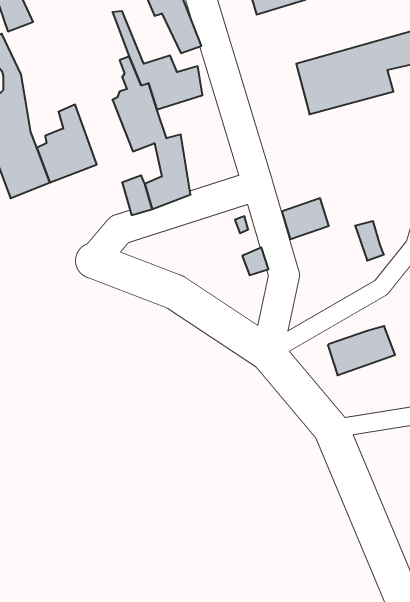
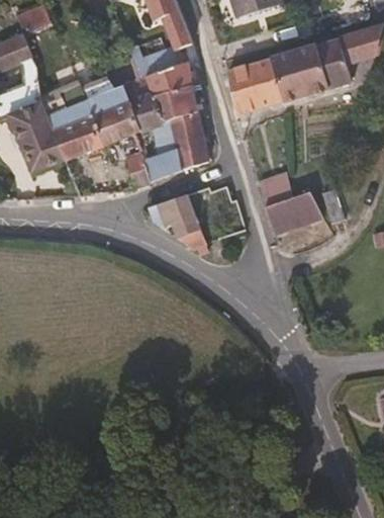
building: none -> [225,59,281,114]
building: none -> [80,75,132,144]
building: none -> [153,85,206,169]
building: none -> [148,194,206,249]
building: [328,326,395,375] -> [264,191,320,233]

